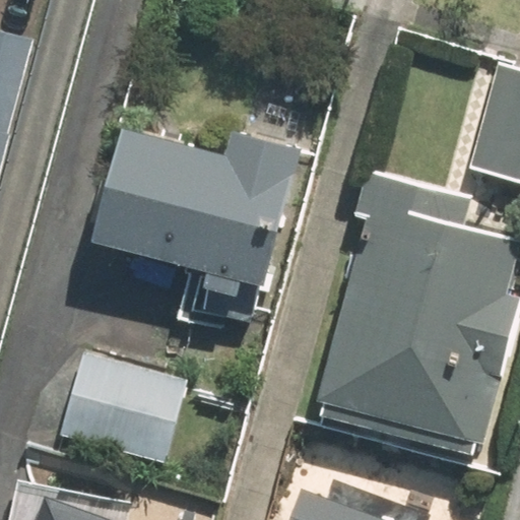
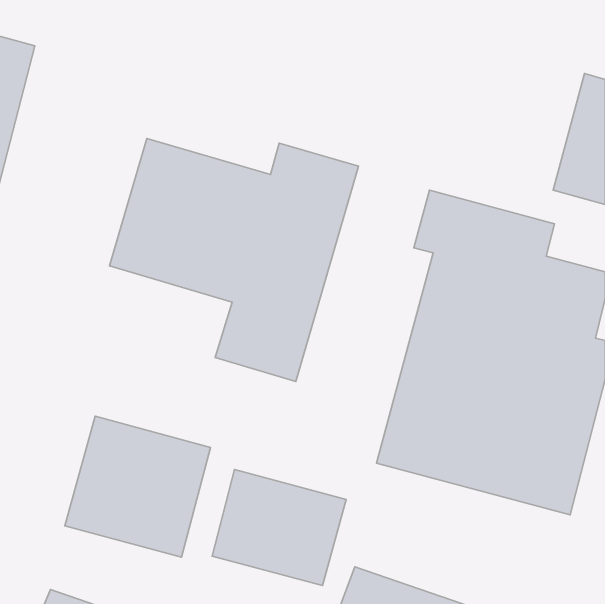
building: none -> [212,470,346,585]

